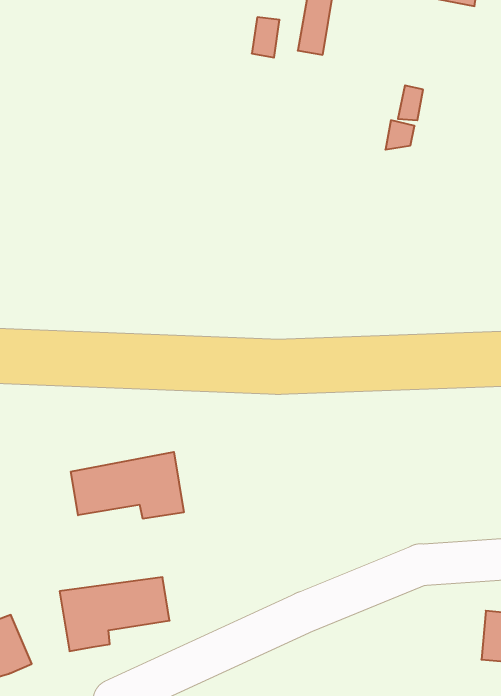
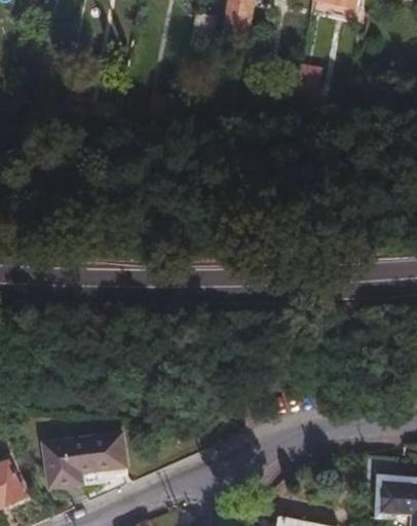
building: [71,452,184,519] -> none

